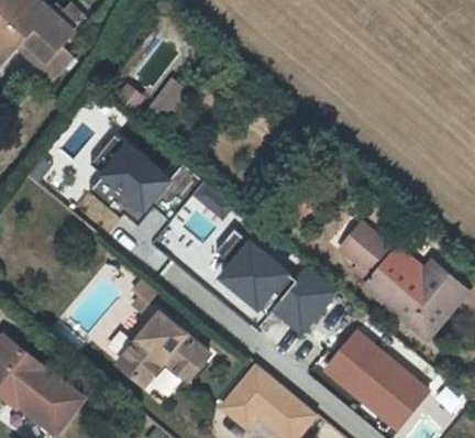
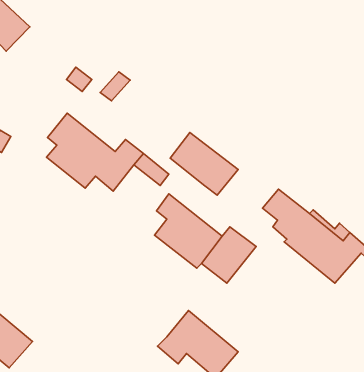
building: none -> [170,133,238,195]
building: [115,320,205,388] -> none
building: [327,332,431,429] -> none

